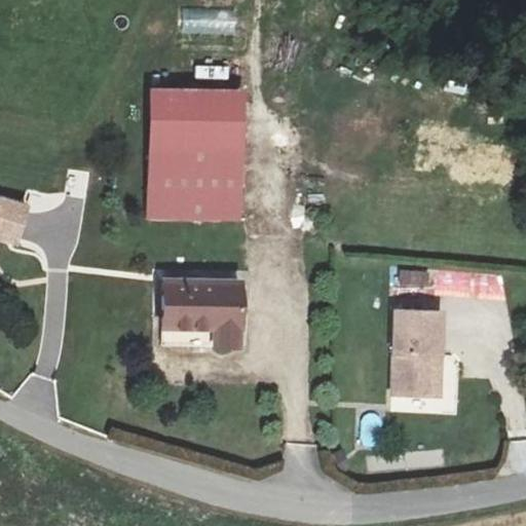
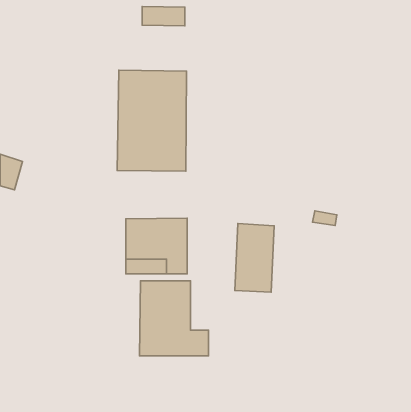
building: [394,309,445,397] -> [235,223,274,292]
building: none -> [139,281,209,356]

